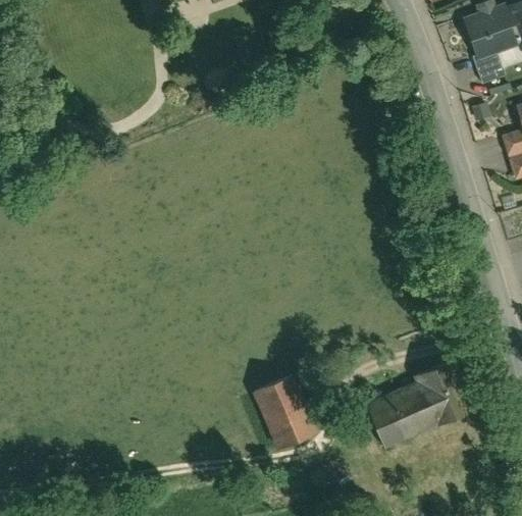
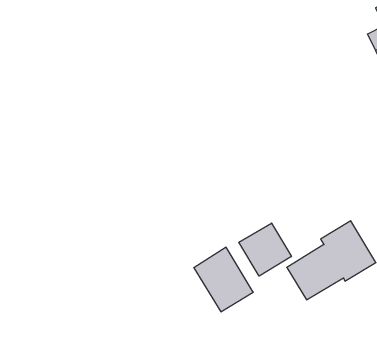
building: none -> [239,223,291,276]

